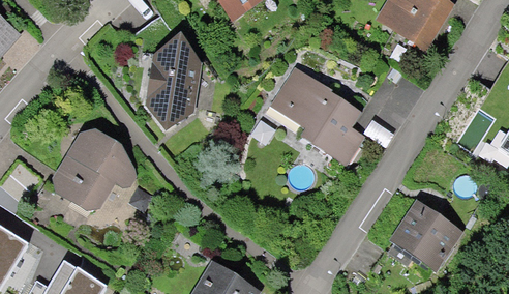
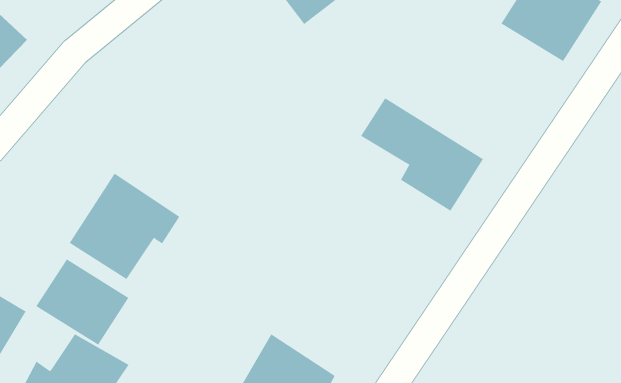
building: [148,41,206,134] -> none
building: none -> [36,258,129,346]
building: [389,203,454,268] -> none

